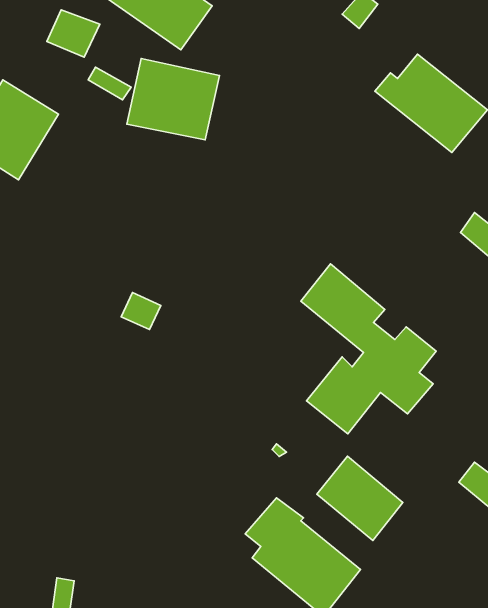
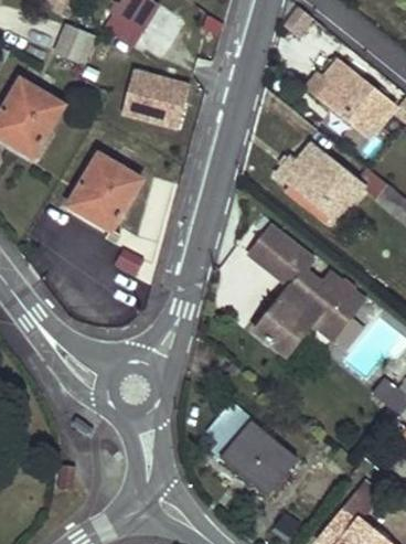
building: none -> [278,143,364,218]
building: none -> [68,156,140,231]
building: [317,456,403,540] -> none

